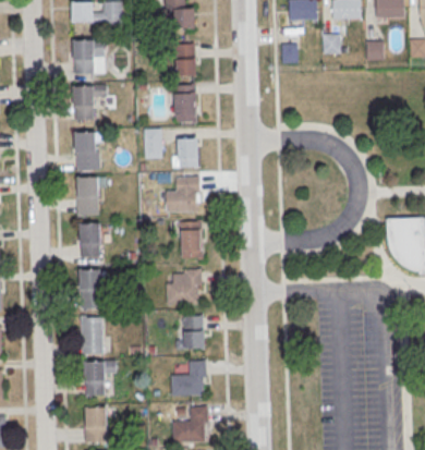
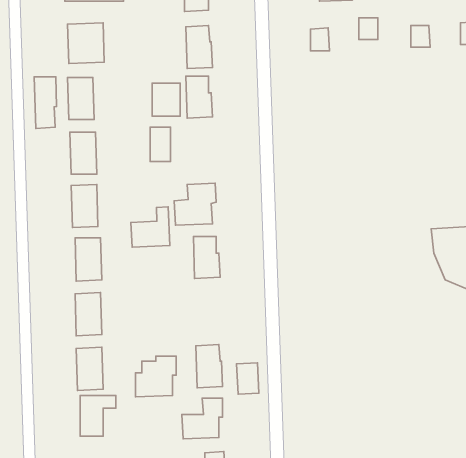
building: none -> [34,77,56,128]
building: [172,138,196,167] -> [152,83,180,116]
building: none -> [131,207,170,247]
building: [167,270,202,305] -> [135,356,176,397]
building: none -> [237,363,259,394]

